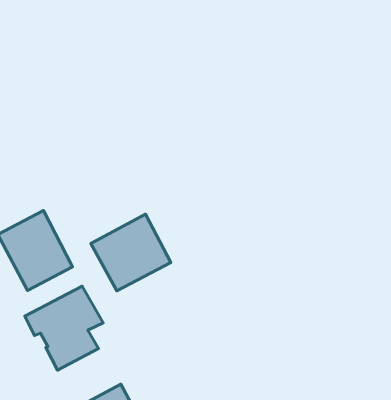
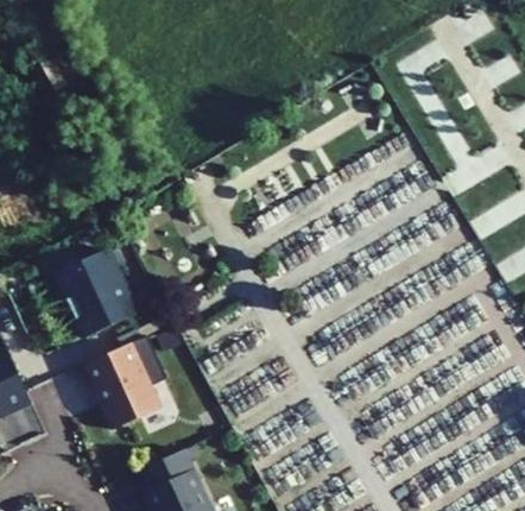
building: [91,214,171,291] -> none

